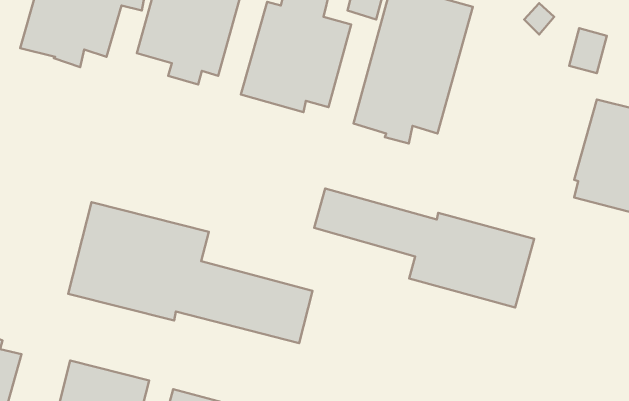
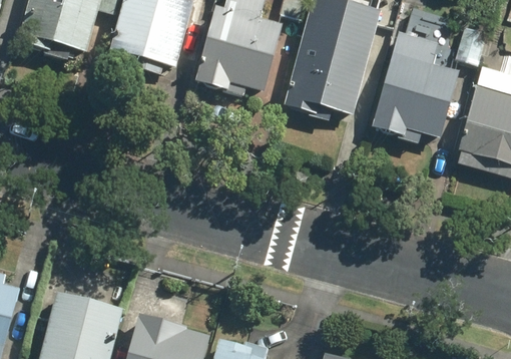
building: none -> [373,30,457,141]
building: [314,189,534,308] -> none
building: [68,202,313,343] -> none

